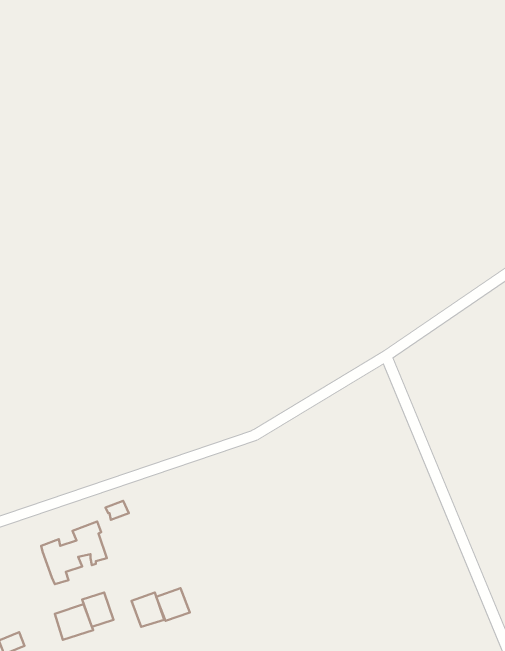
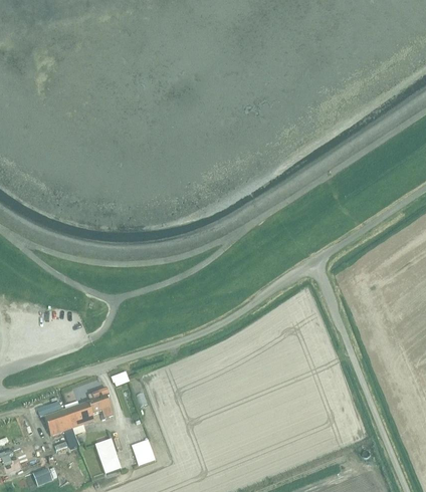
building: [156,588,190,621] -> none
building: [55,604,93,640] -> [44,409,72,435]

